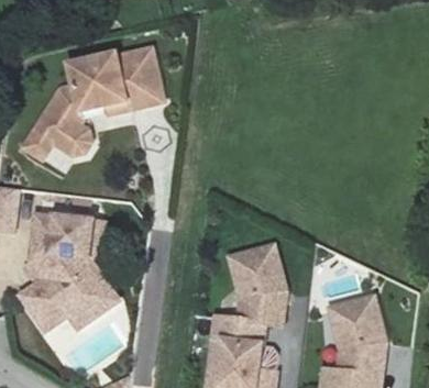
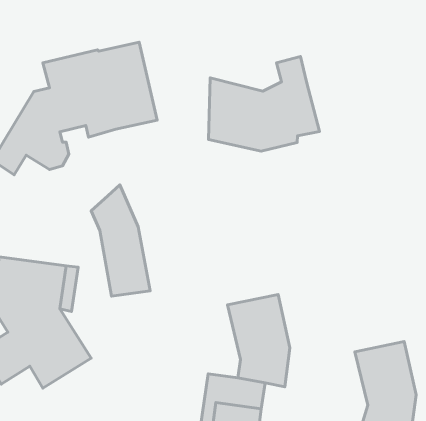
building: none -> [208,56,319,151]
building: none -> [91,185,150,296]

